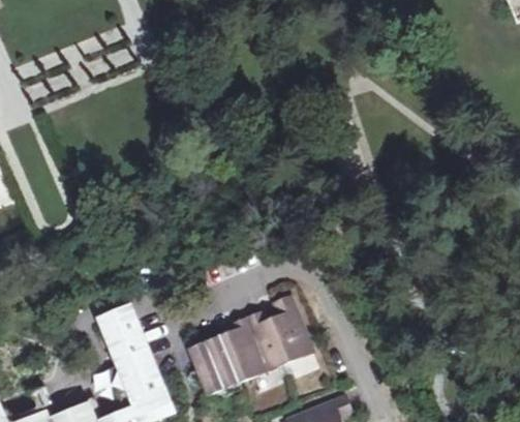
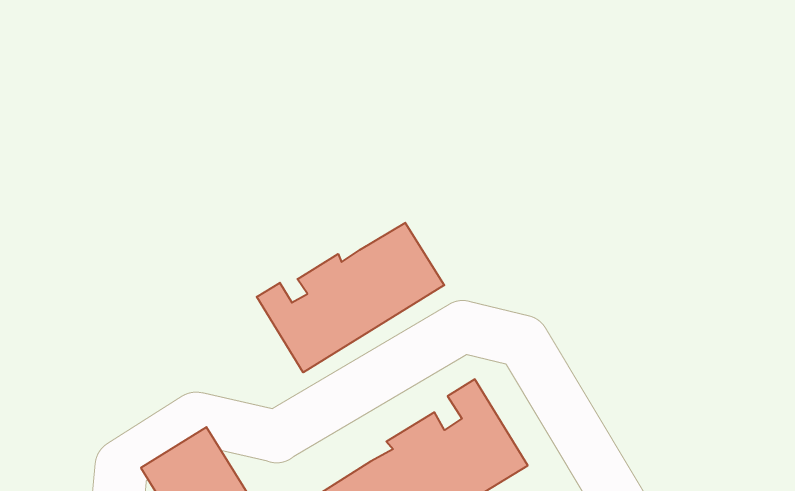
building: none -> [257,223,444,372]

